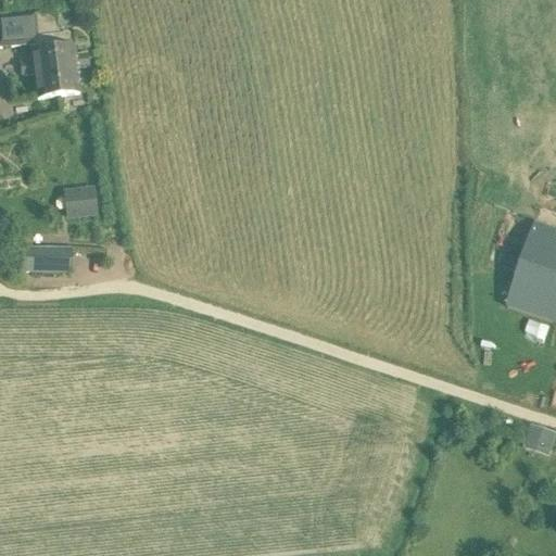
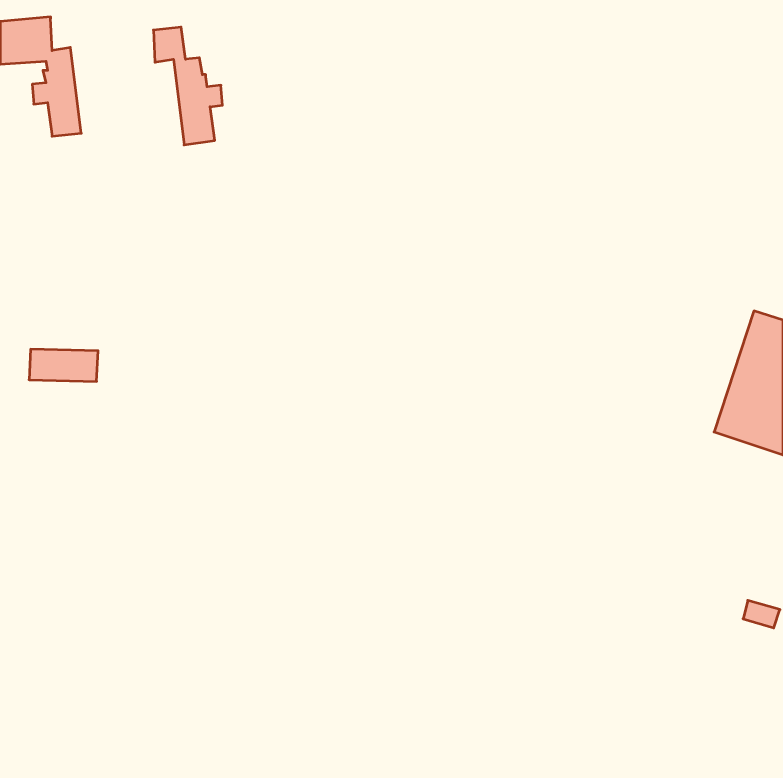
building: [36,11,85,94] -> [153,27,222,145]
building: [67,189,94,216] -> none

